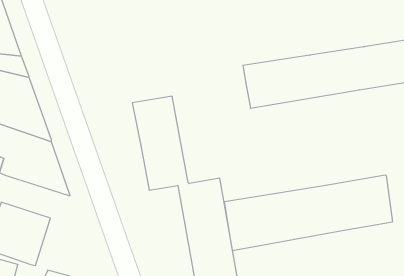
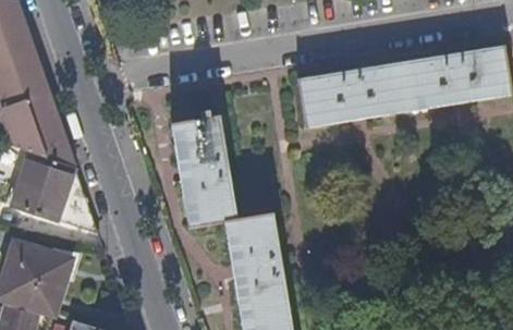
building: [225,175,392,251] -> none

